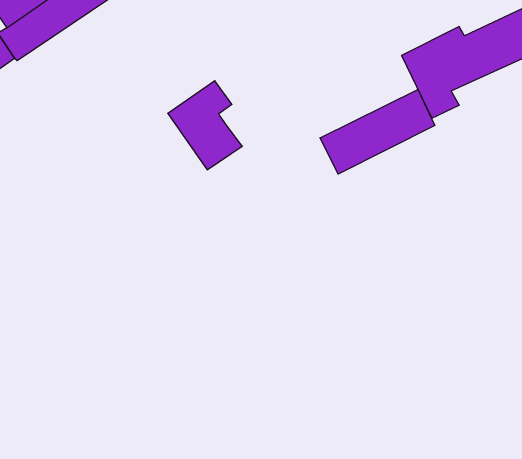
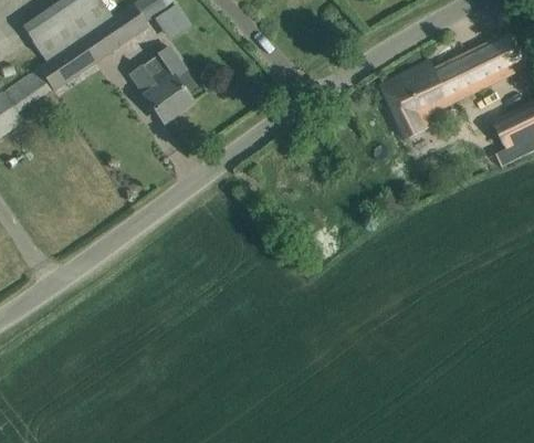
building: [168,81,242,170] -> [129,46,192,122]
building: [320,90,435,174] -> none

